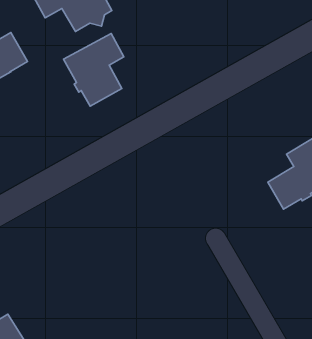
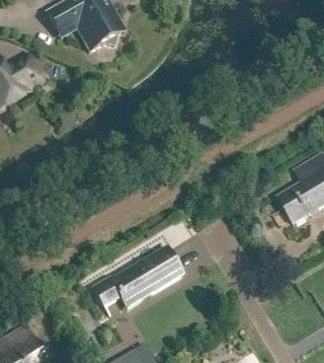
building: [64,33,124,106] -> none
building: none -> [92,245,181,306]

